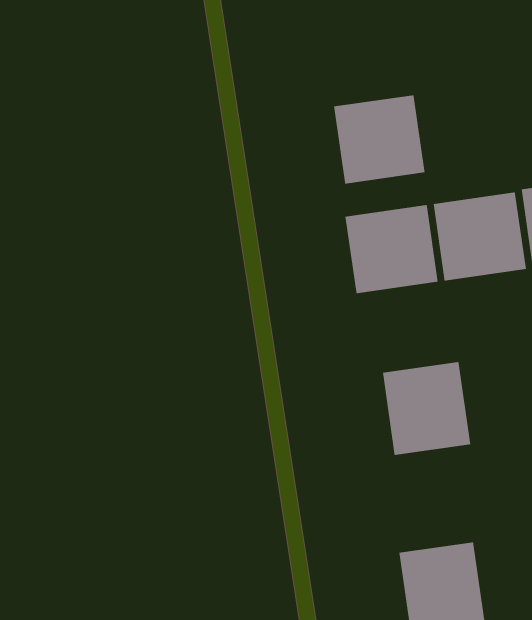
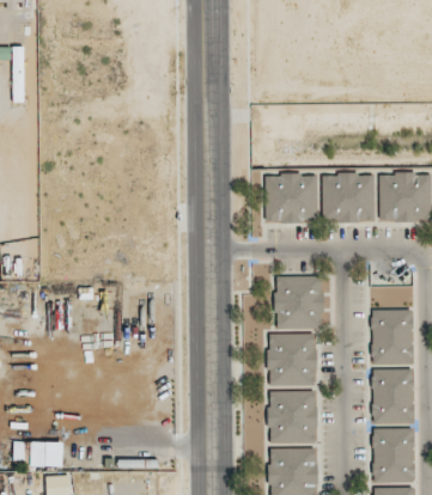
building: [334,94,425,184] -> none
building: none -> [267,334,317,387]

